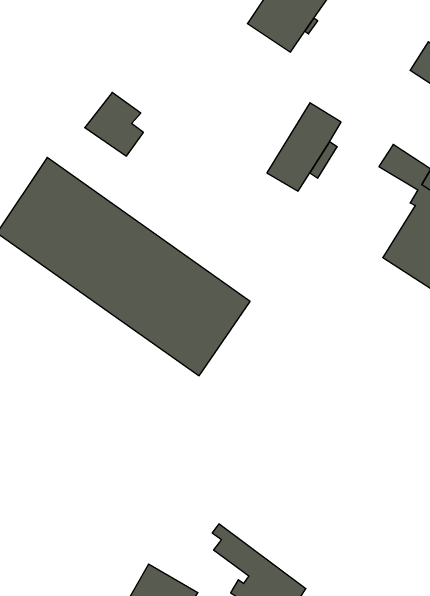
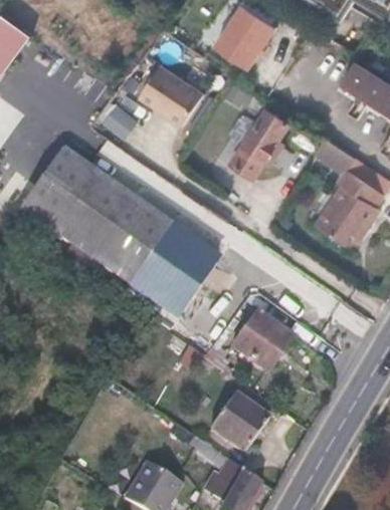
building: none -> [140,63,204,122]
building: none -> [232,311,292,370]
building: none -> [208,391,267,449]

